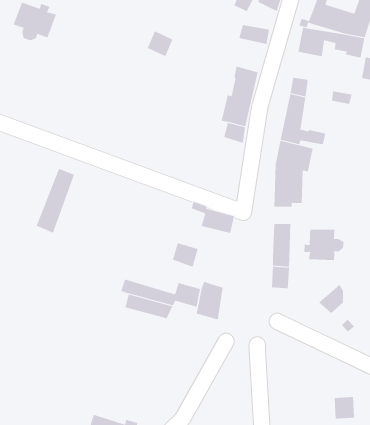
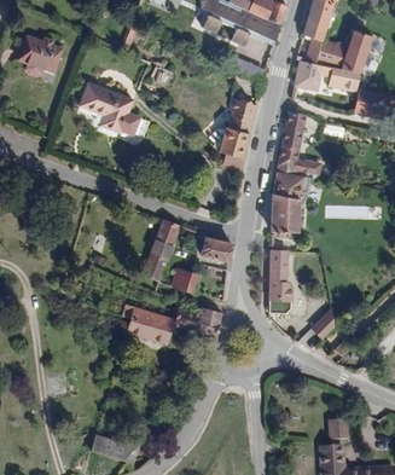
building: none -> [81,82,135,131]
building: [36,168,75,233] -> [143,218,180,280]
building: [304,229,344,261] -> none

